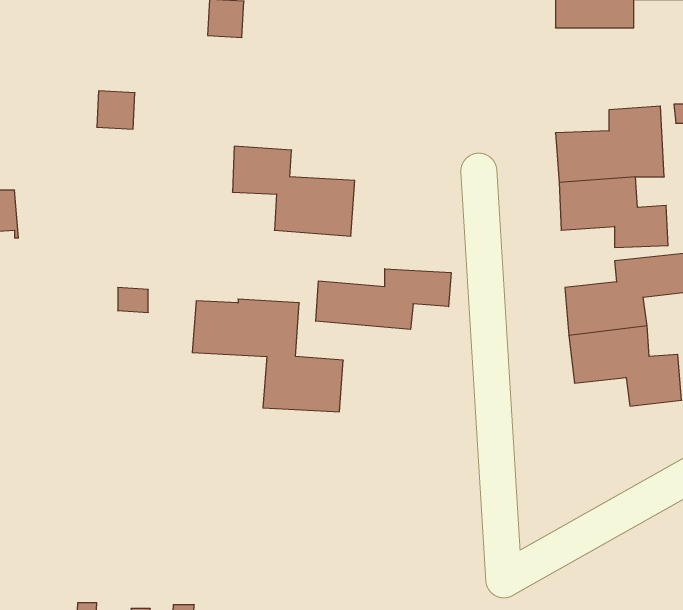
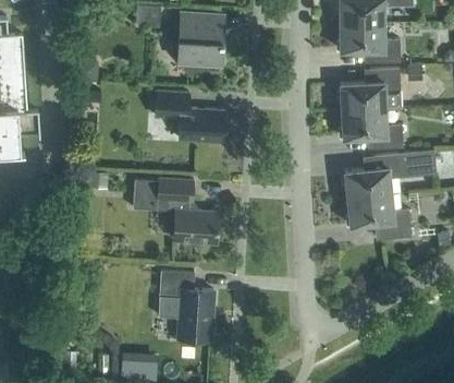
building: none -> [177,12,224,75]
building: none -> [340,23,401,62]
building: [316,269,451,329] -> none
building: none -> [159,271,214,340]

